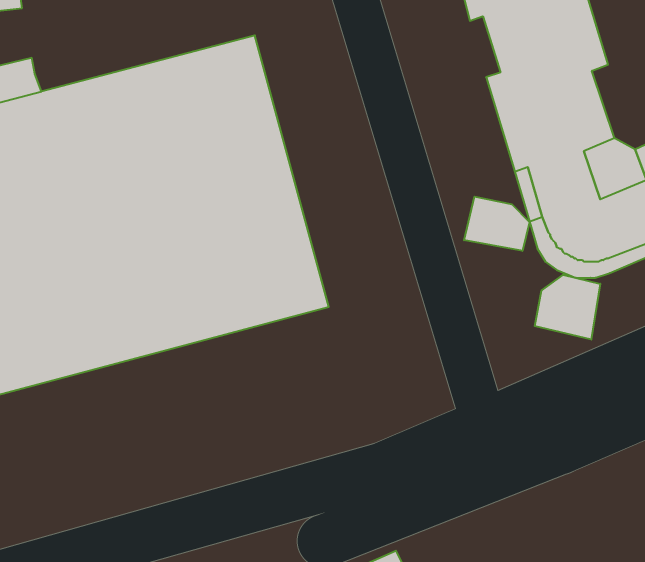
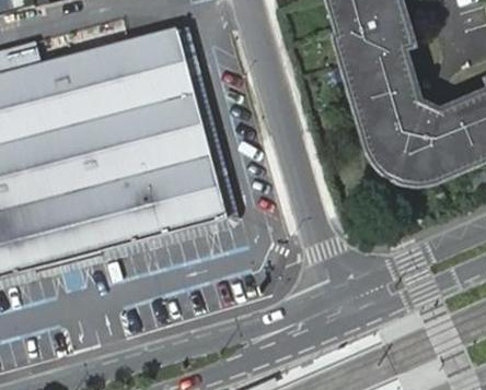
building: [464,197,530,251] -> none
building: [535,275,600,340] -> none

